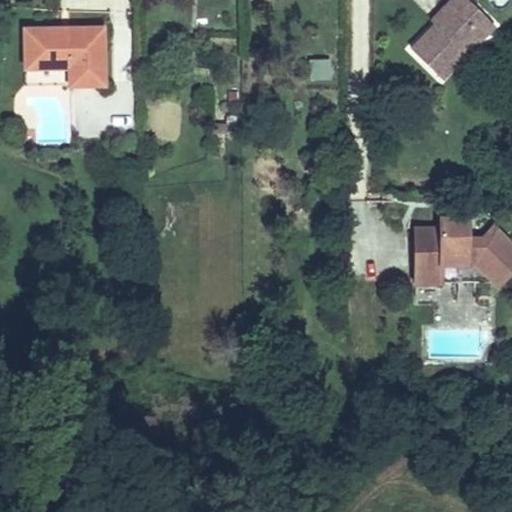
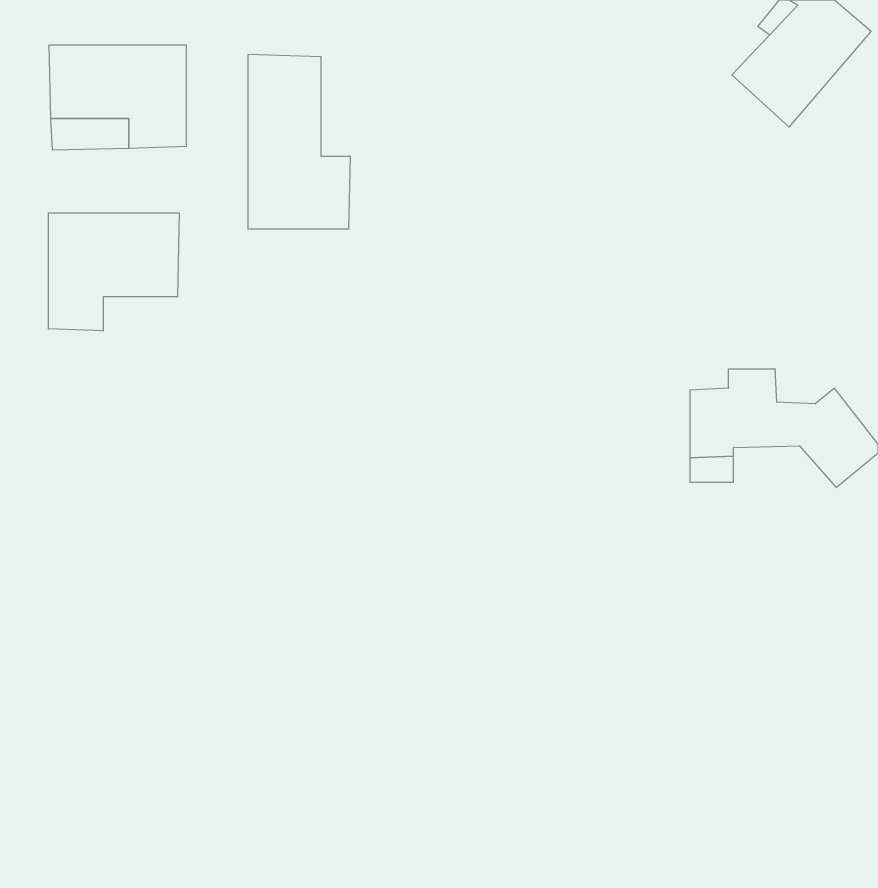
building: none -> [248,54,350,229]
building: none -> [49,213,179,331]

